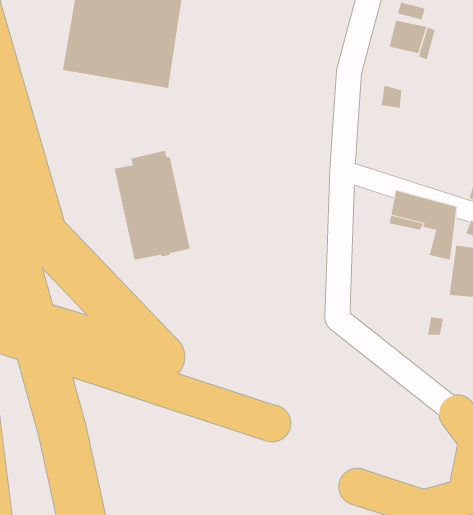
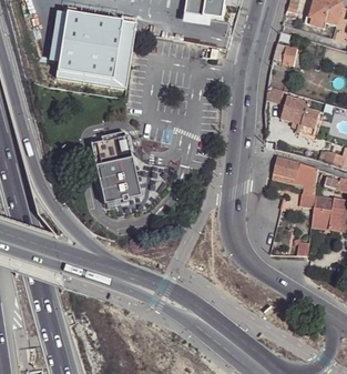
building: none -> [280,95,319,134]

